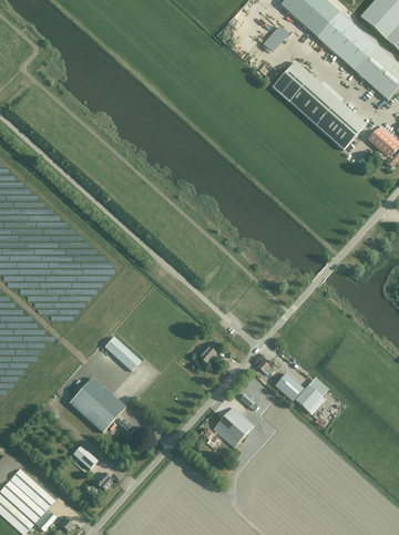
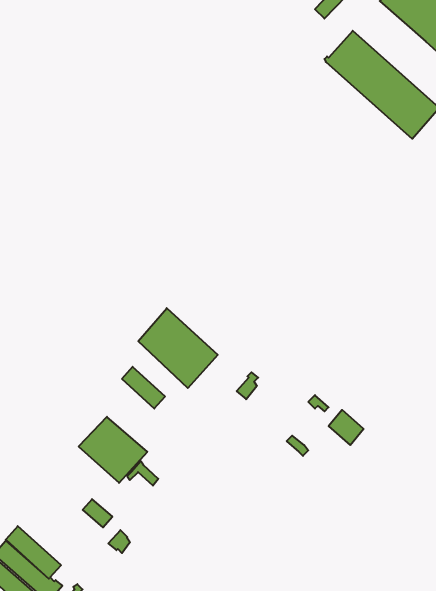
building: none -> [138,308,218,388]
building: [294,383,324,413] -> none
building: [198,405,253,445] -> none

